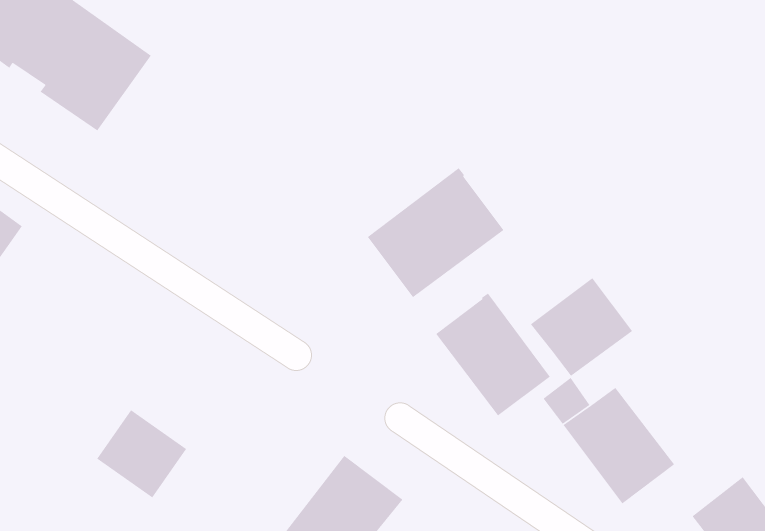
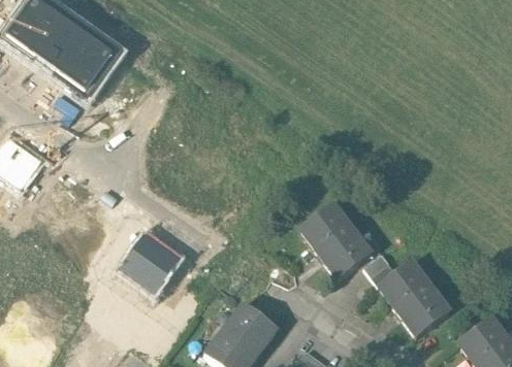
building: [367,167,504,298] -> none
building: [530,277,633,377] -> none
building: [96,409,187,499] -> [122,236,179,292]

